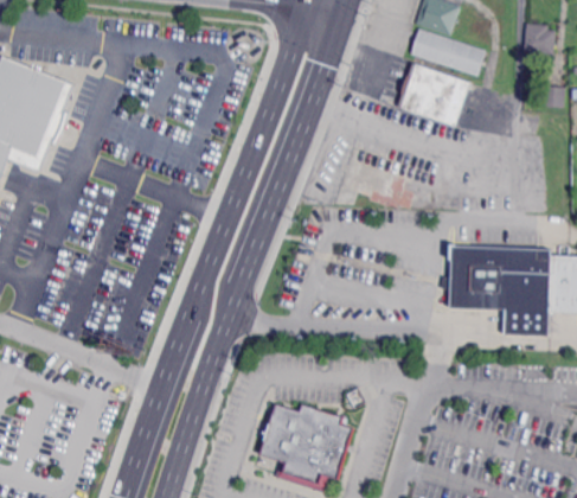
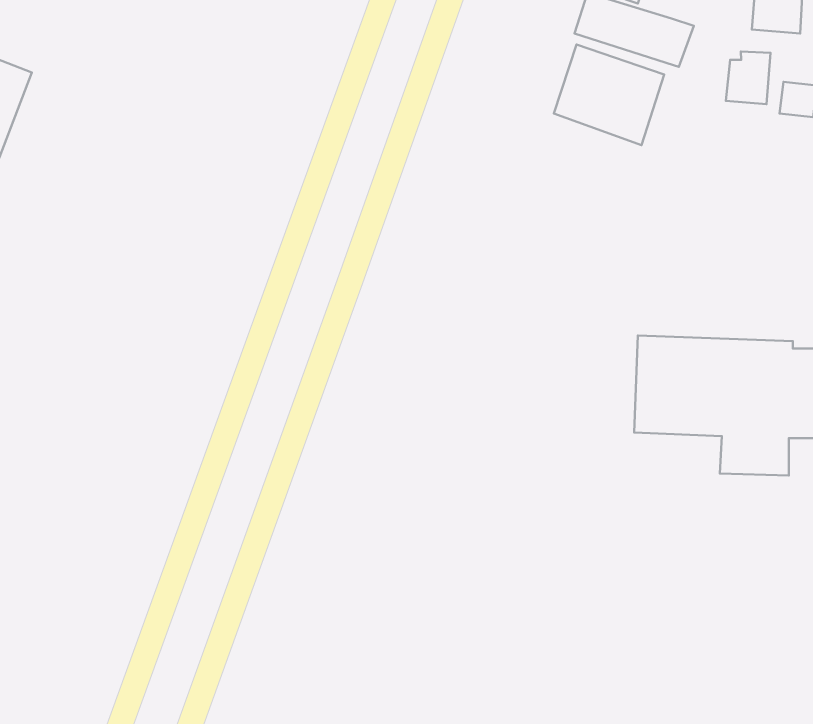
building: none -> [726,51,771,104]
building: [258,404,351,484] -> none

